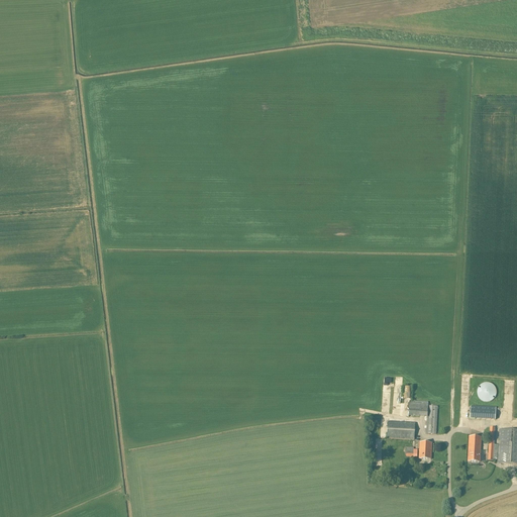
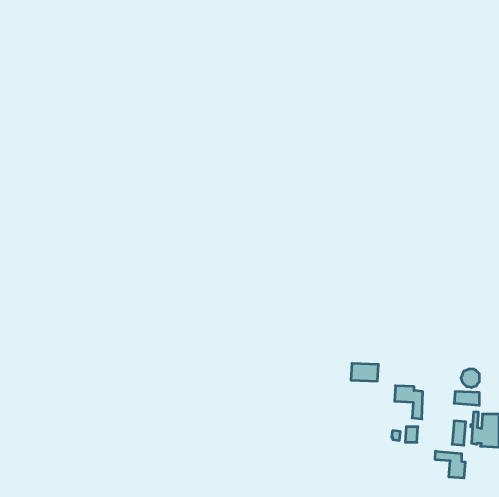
building: [387,420,415,438] -> [351,363,378,381]
building: none -> [435,451,465,478]

